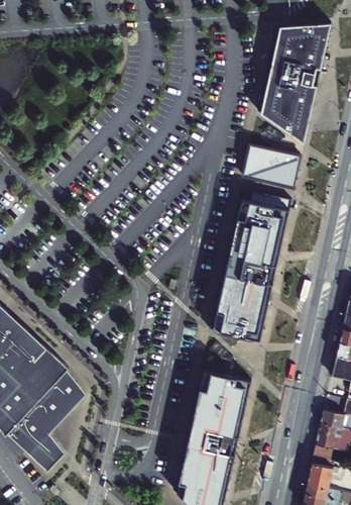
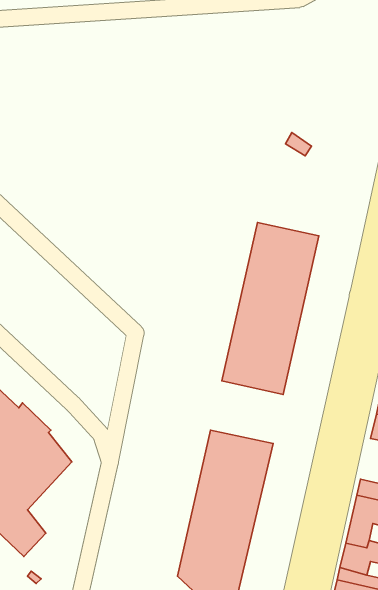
building: [256,24,329,143] -> none
building: [243,144,302,188] -> none

